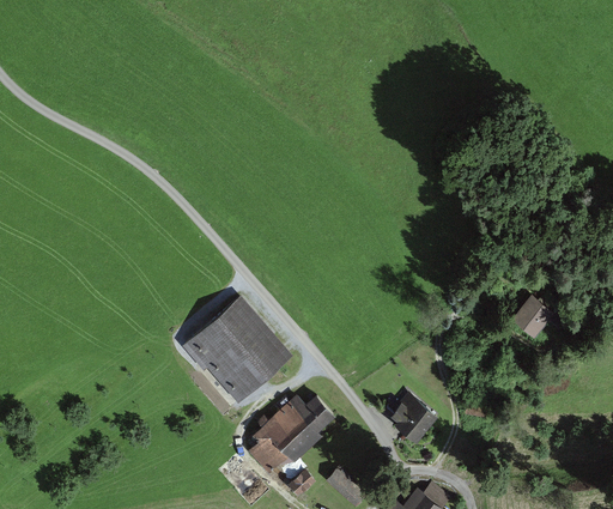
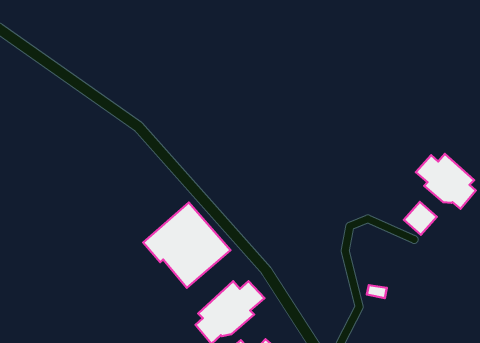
building: none -> [416,154,476,209]
building: [390,393,437,443] -> none

